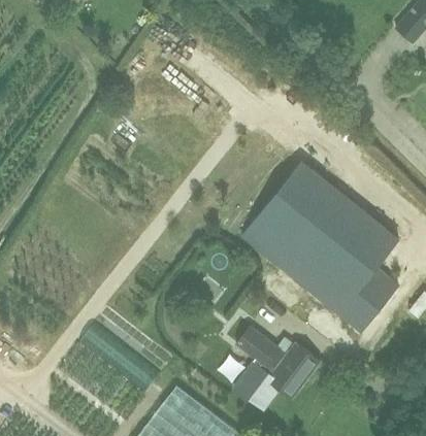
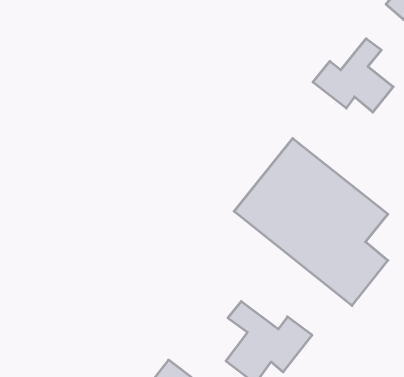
building: none -> [313,39,393,112]

